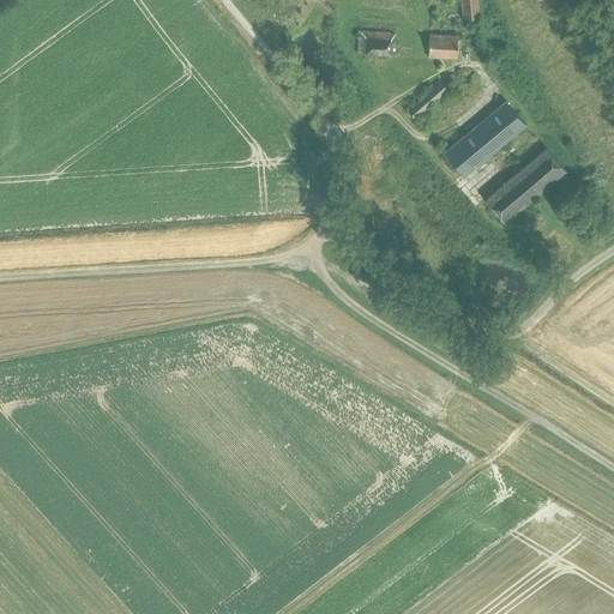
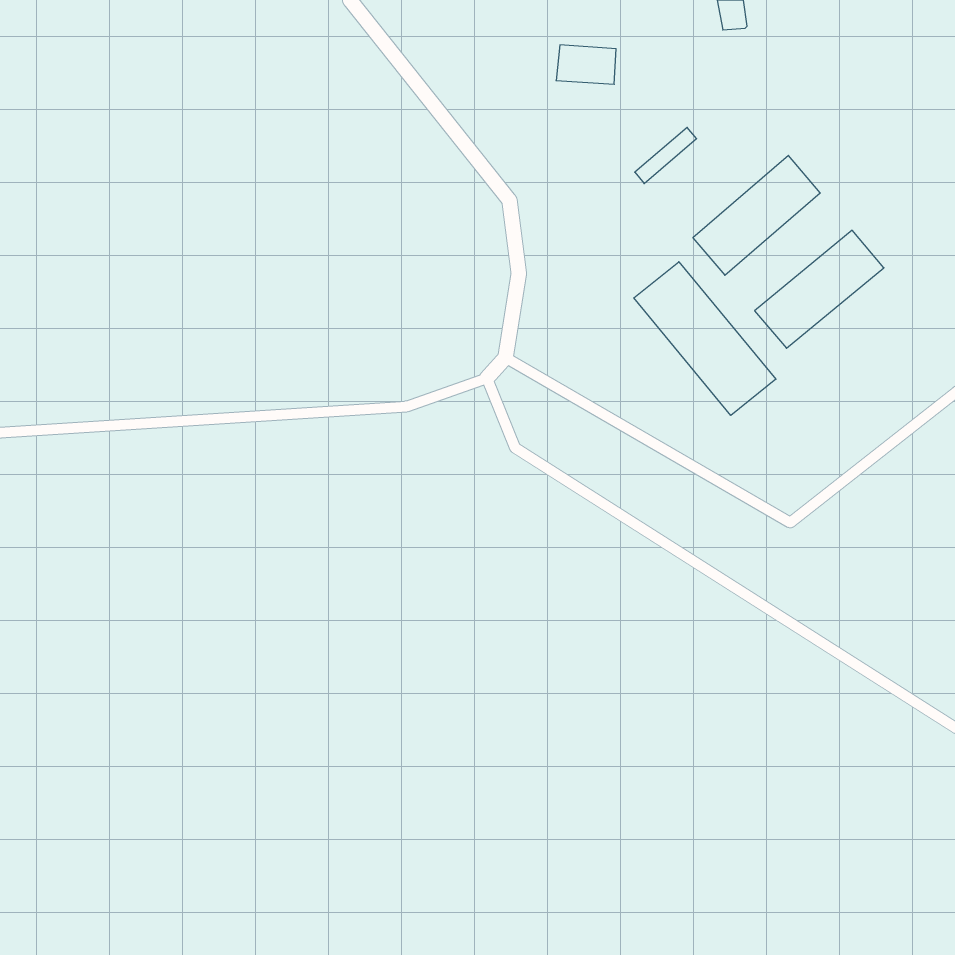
building: [428,35,458,59] -> none
building: none -> [634,262,776,415]

